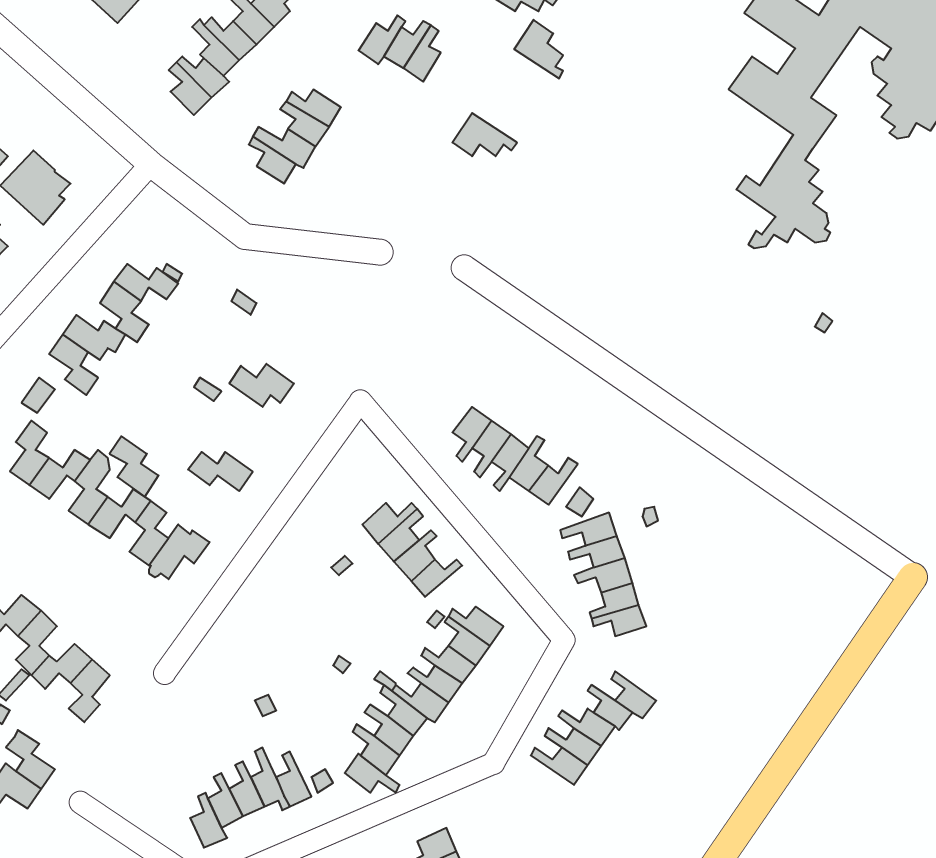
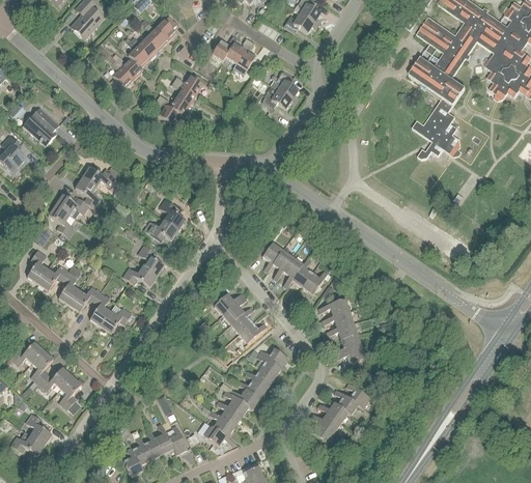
building: [514,20,563,79] -> [272,72,298,103]
building: none -> [159,199,185,230]
building: [110,436,159,497] -> [137,245,163,277]

